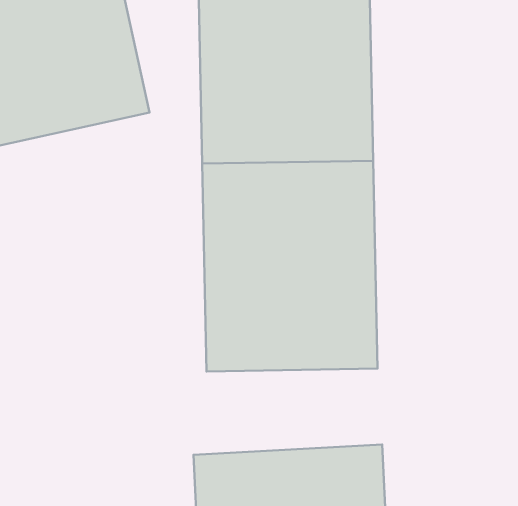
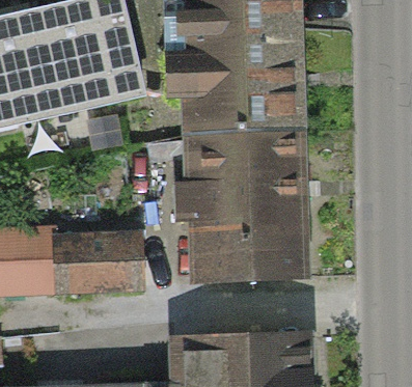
building: none -> [51,223,145,293]

